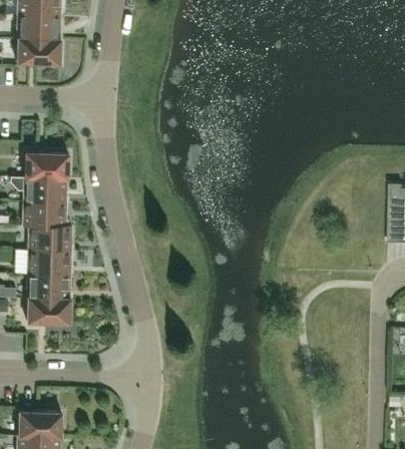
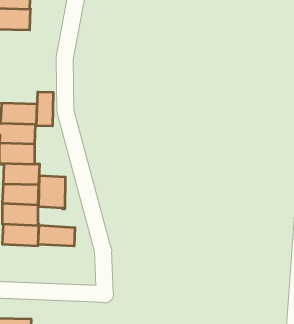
building: none -> [36,92,53,126]
building: none -> [39,176,65,209]
building: none -> [38,225,75,246]

